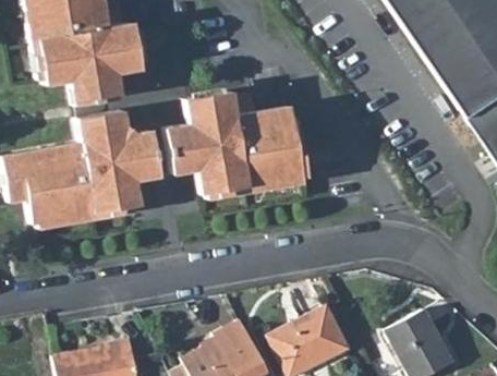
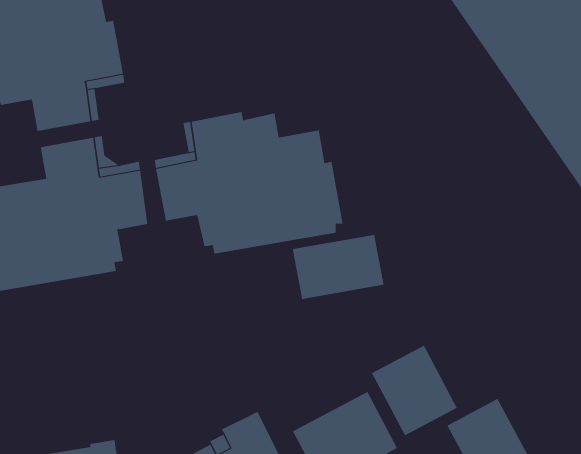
building: none -> [292,234,384,300]
building: none -> [371,345,458,436]

